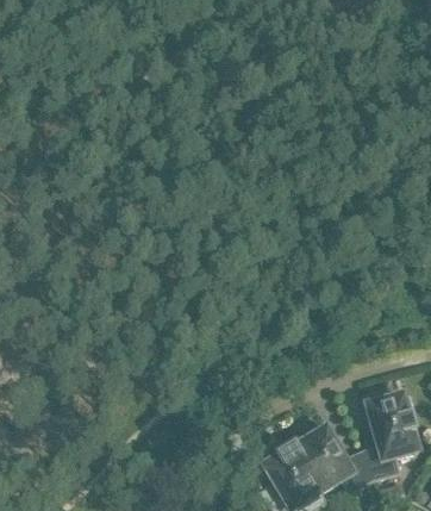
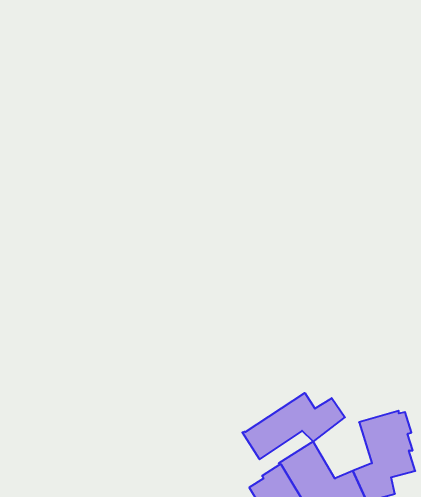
building: none -> [242,393,345,459]

